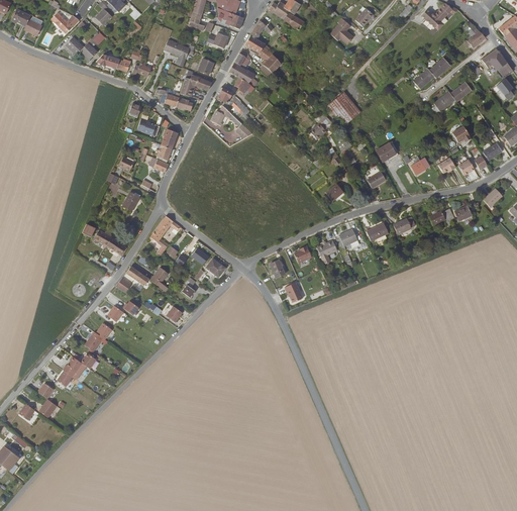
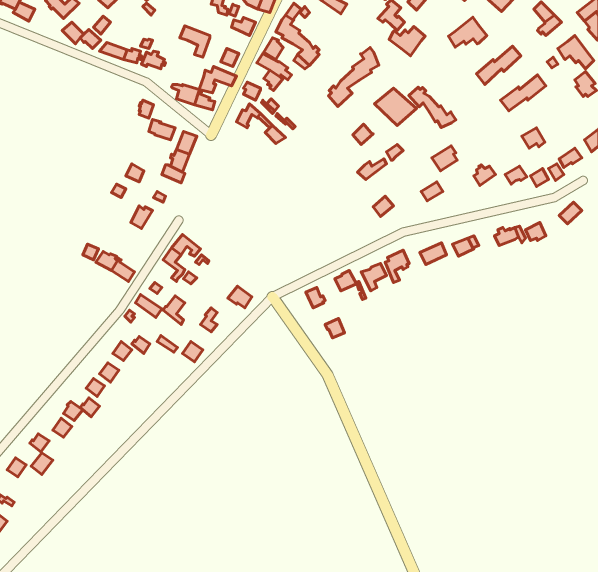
building: none -> [449,17,487,47]
building: none -> [389,26,425,56]
building: none -> [329,48,379,106]
building: none -> [409,87,456,127]

